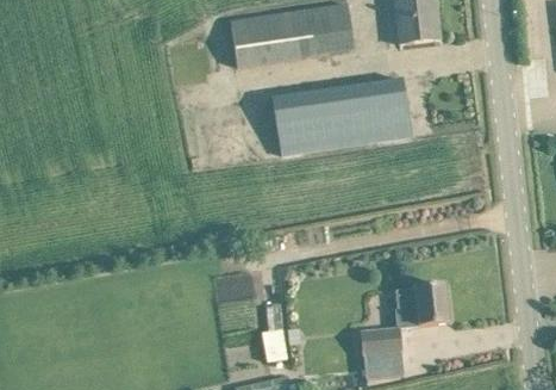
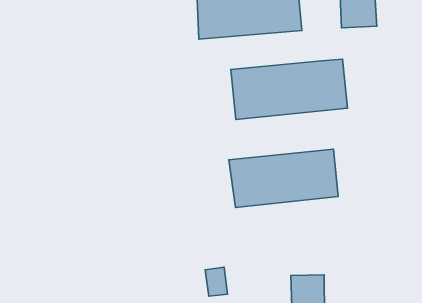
building: none -> [229,149,338,207]
building: [395,286,446,327] -> none

